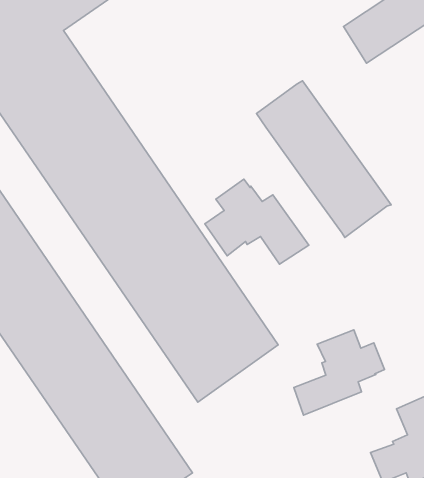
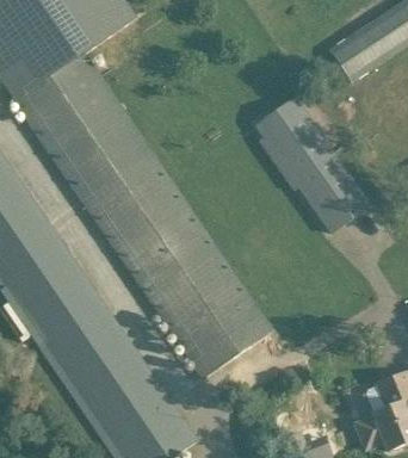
building: [205,179,309,264] -> none
building: [294,330,385,415] -> none

